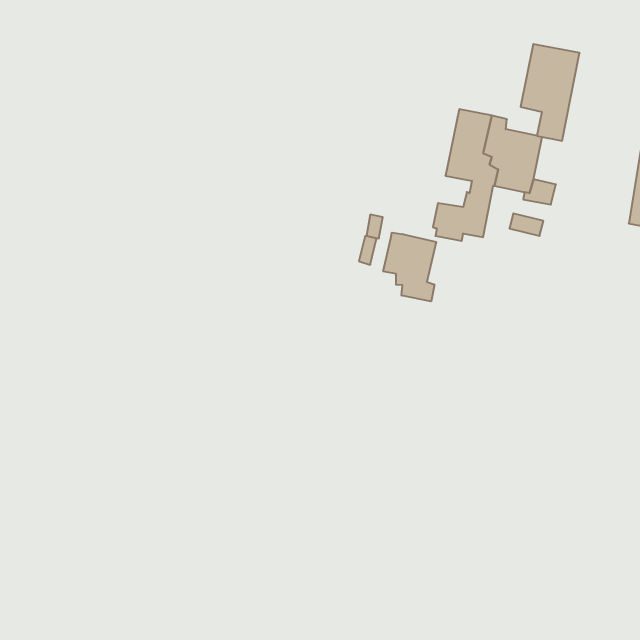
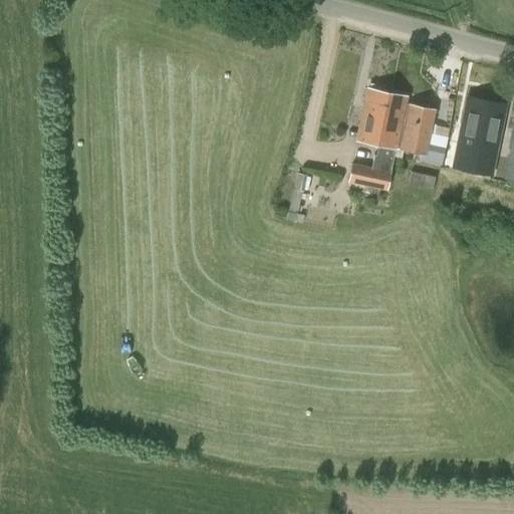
building: [521,44,580,141] -> [458,96,505,174]
building: [383,233,436,301] -> none

